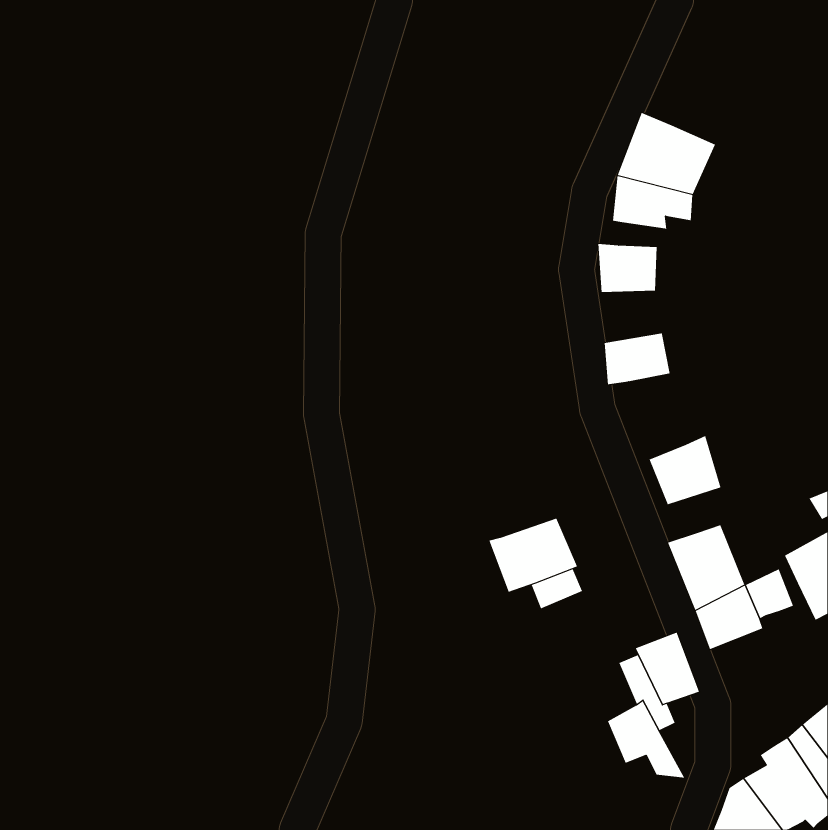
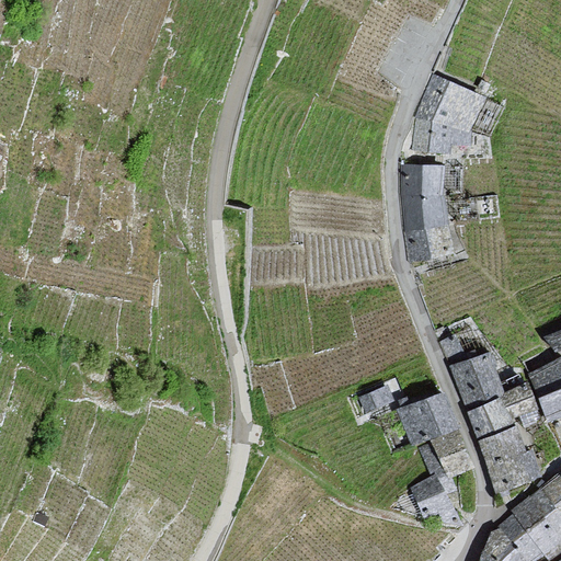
building: none -> [405,196,447,231]
building: [649,435,721,505] -> none
building: [489,518,578,593] -> [397,393,457,444]
building: none -> [479,424,540,489]

